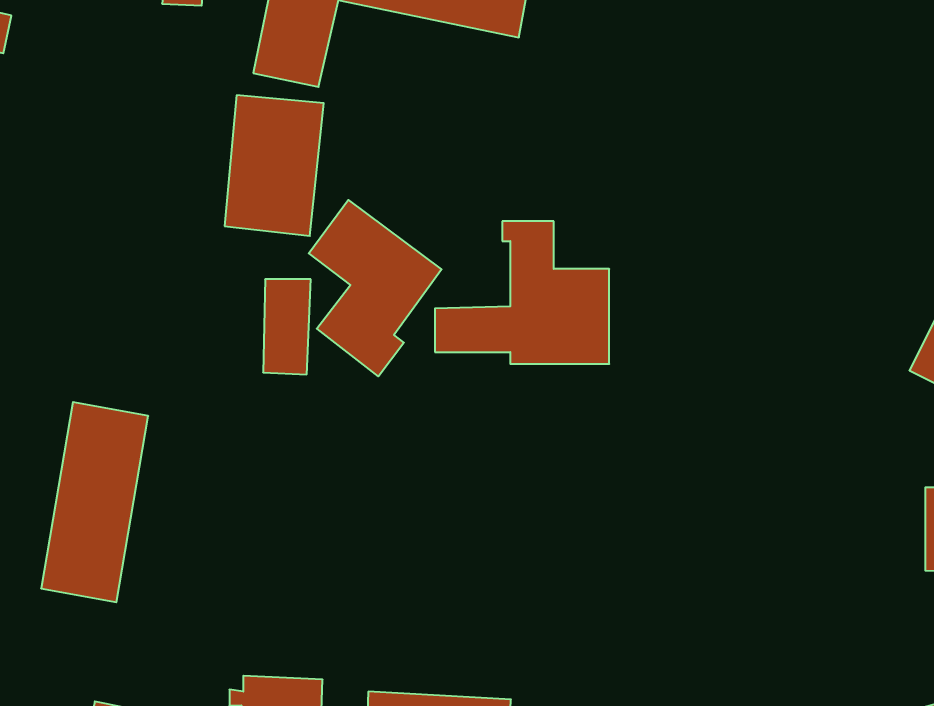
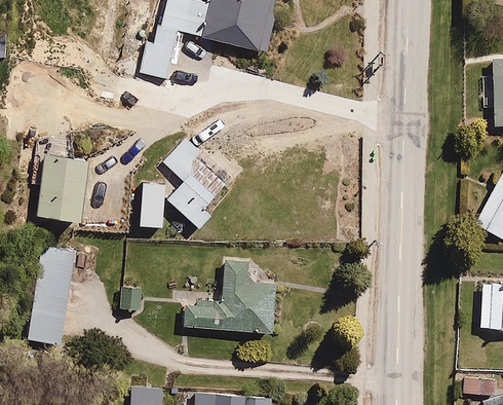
building: [225,95,324,236] -> [38,155,89,228]
building: [435,221,609,364] -> [190,256,280,330]

